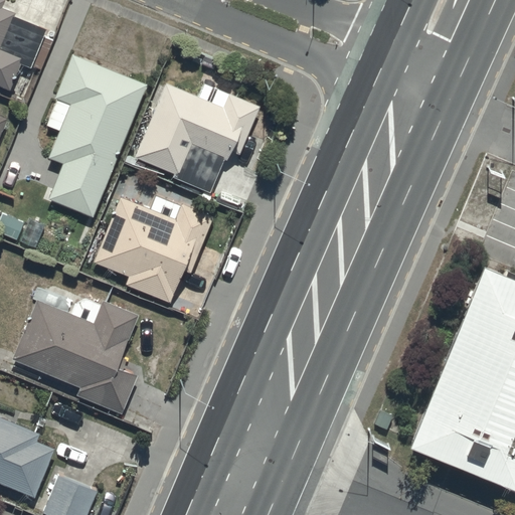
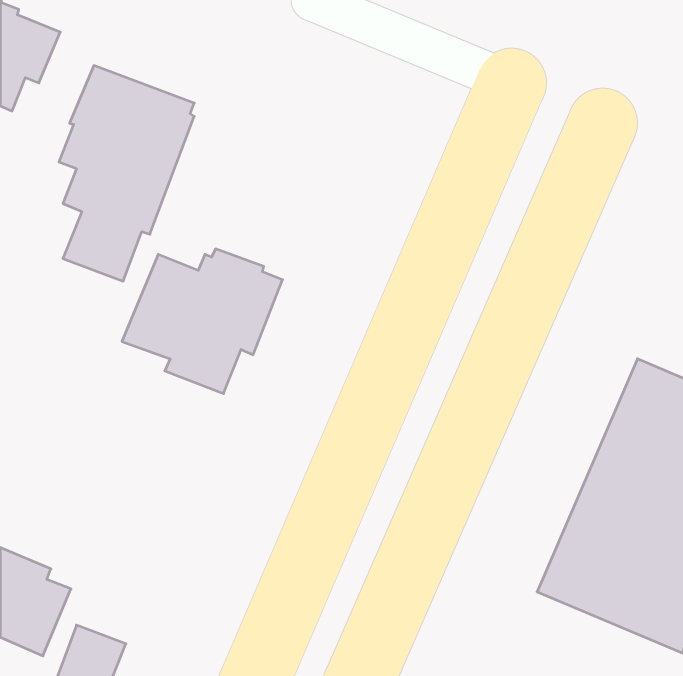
building: [125,82,260,193] -> none
building: [12,300,138,414] -> none

